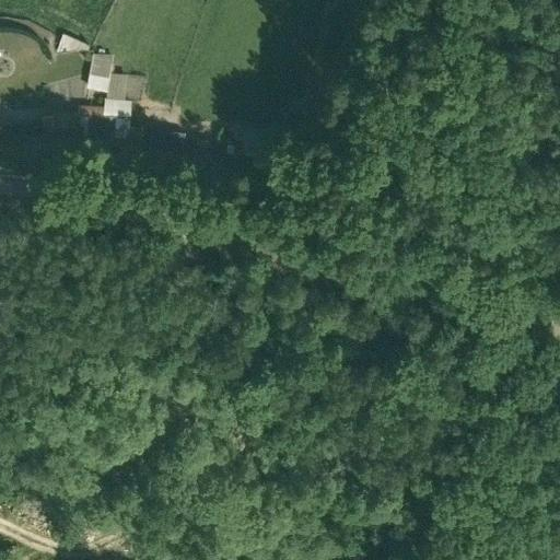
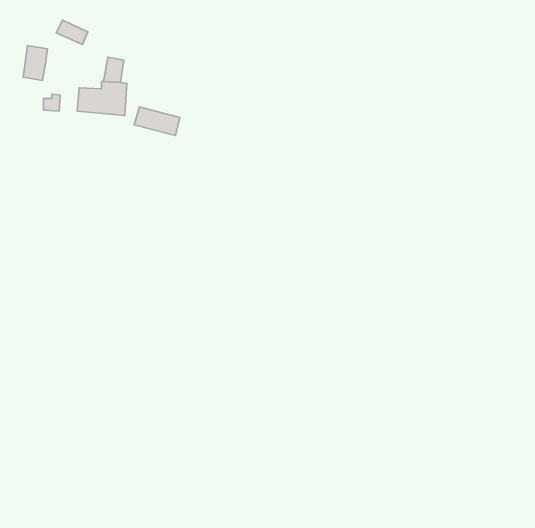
building: [89,54,114,90] -> [23,46,48,80]

